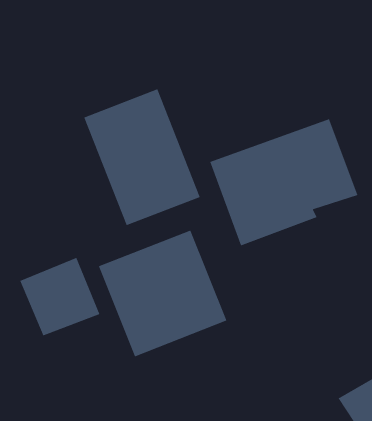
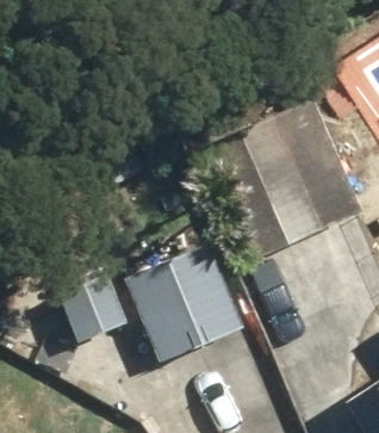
building: [83,88,201,226] -> none

